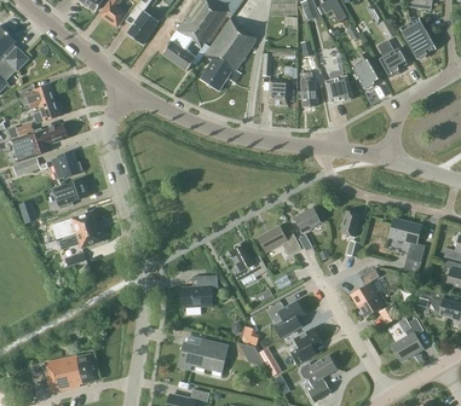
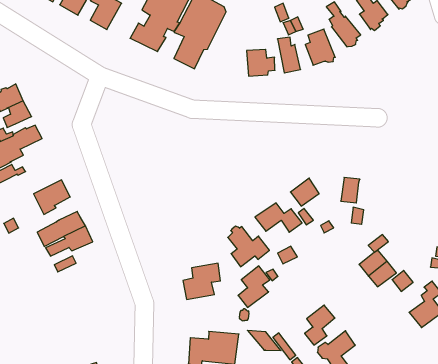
building: [51,151,82,179] -> none
building: [390,219,425,272] -> none
building: [273,300,305,337] -> [238,266,270,307]

